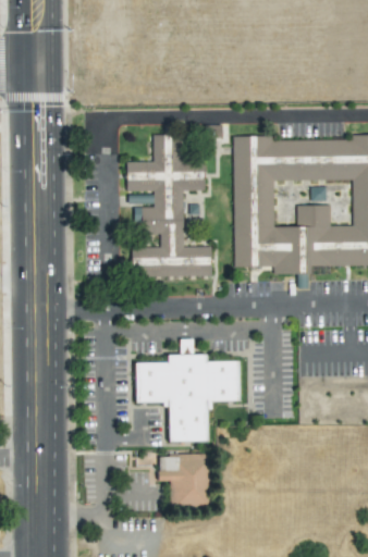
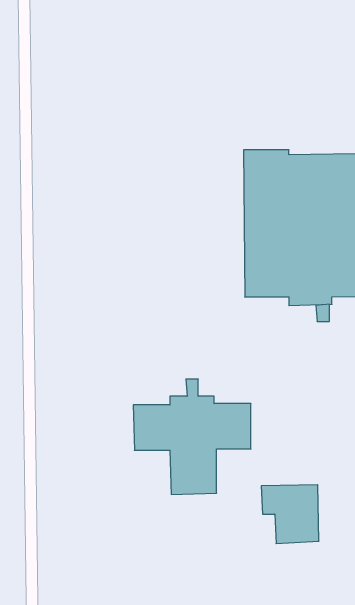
building: [127,135,212,277] -> none
building: [159,455,210,507] -> [261,485,319,544]

